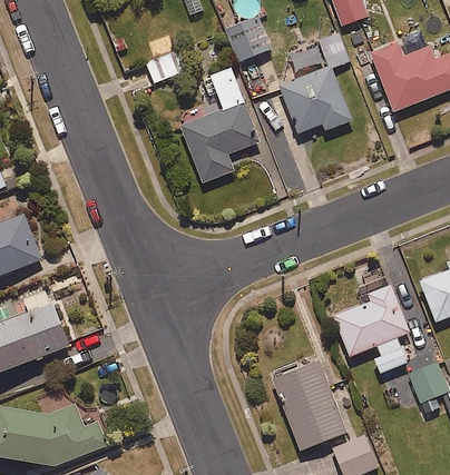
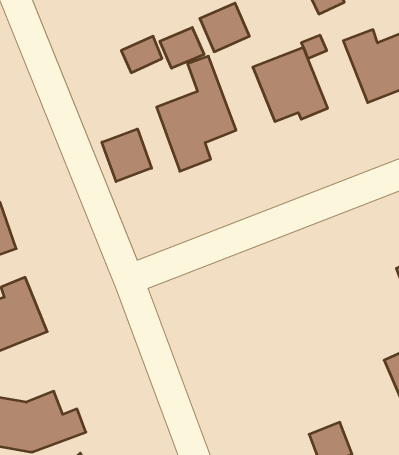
building: none -> [160,27,204,68]
building: none -> [102,129,152,182]
building: [334,276,410,373] -> none
building: [270,355,346,453] -> none

